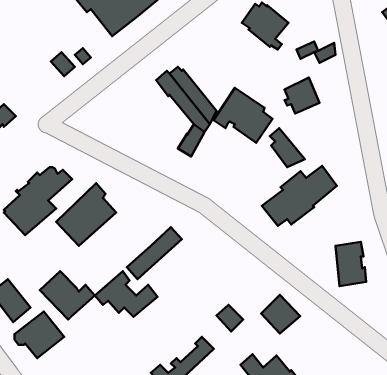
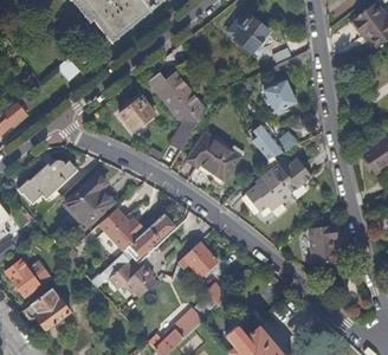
building: [214,88,272,143] -> [187,131,239,180]
building: none -> [119,96,155,130]
building: [40,271,95,319] -> [98,207,147,250]
building: [261,295,300,334] -> [183,240,218,275]

